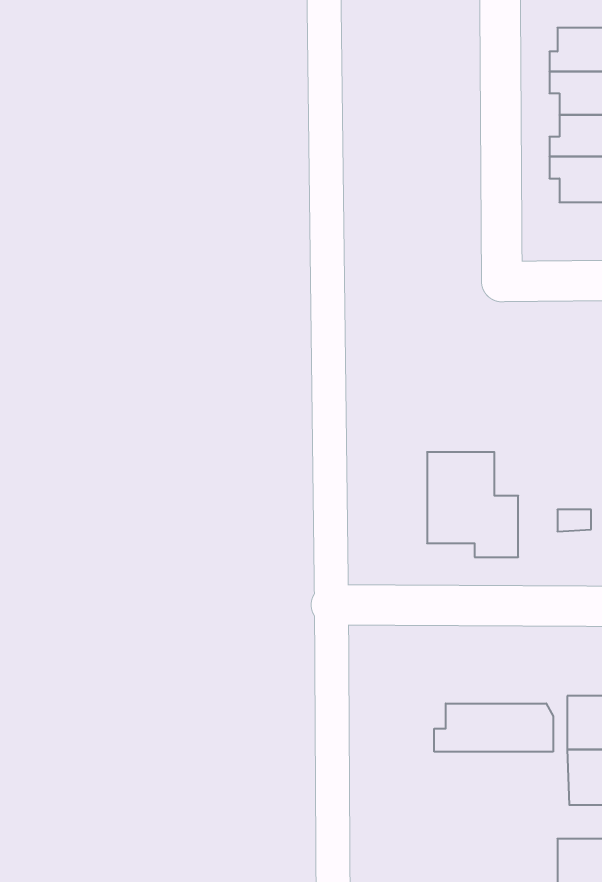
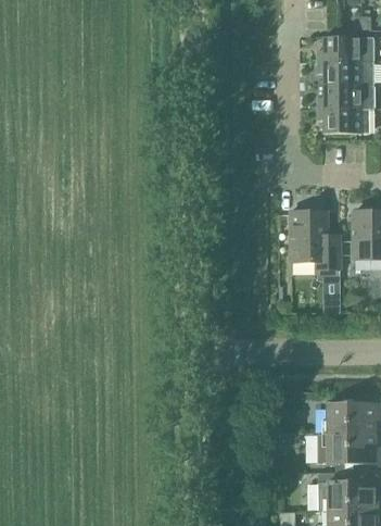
building: [427,452,518,557] -> [290,211,340,268]
building: [434,703,553,752] -> none

